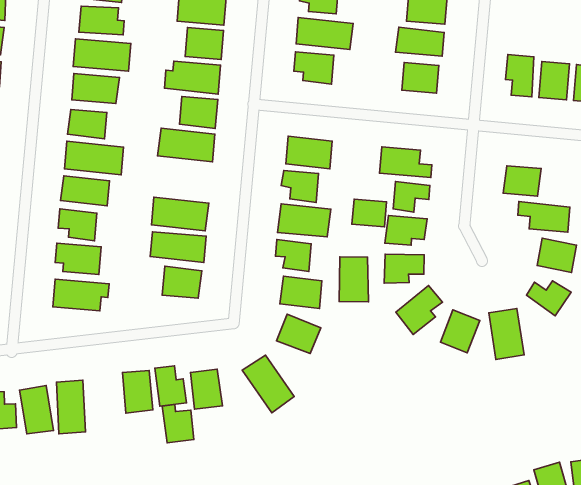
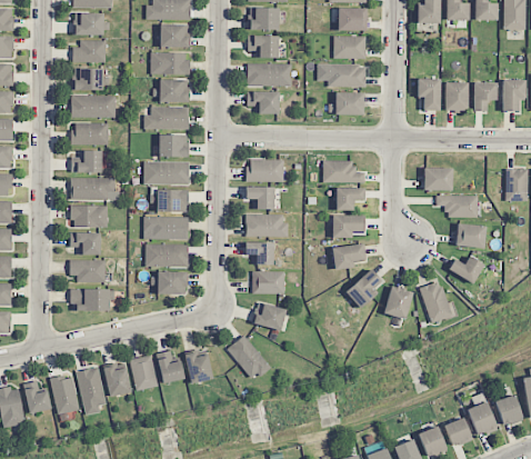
building: none -> [158,190,189,213]
building: [352,199,387,227] -> none
building: [339,257,368,302] -> none
building: [162,404,194,443] -> [103,366,131,397]

